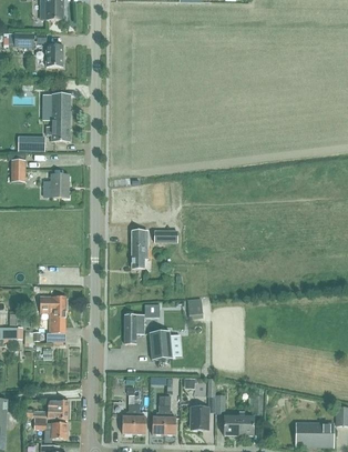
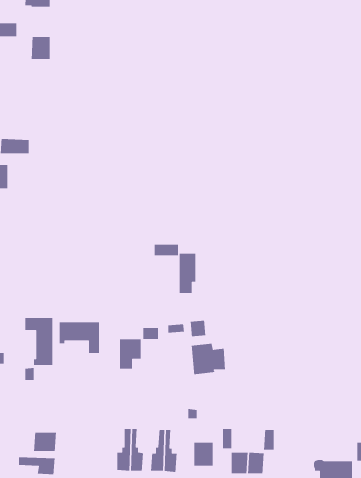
building: [47,96,71,142] -> none
building: [45,174,69,198] -> none
building: [132,231,147,268] -> [179,253,196,294]
building: none -> [59,322,100,354]
building: [150,331,181,360] -> [191,343,226,375]

